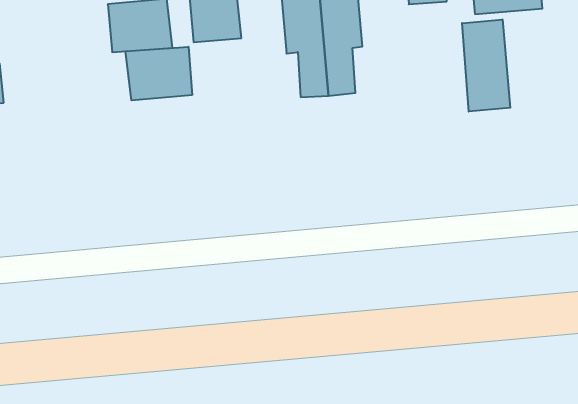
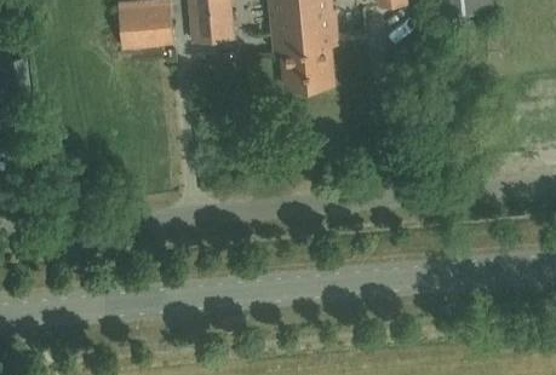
building: [462,19,510,112] -> none
building: [126,47,192,100] -> none

